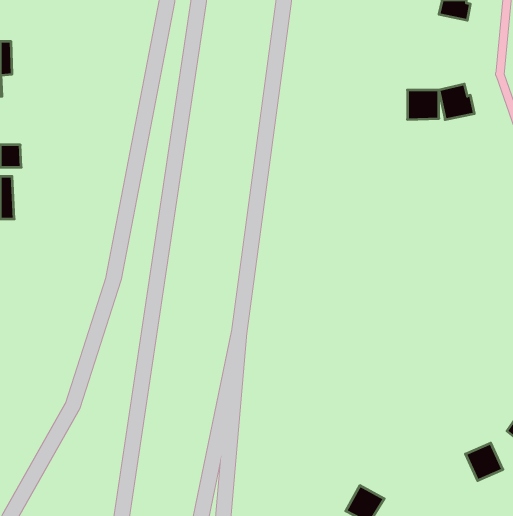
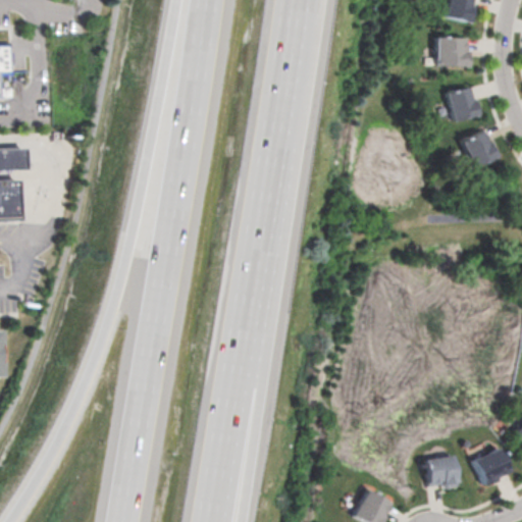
building: [407,90,439,119] -> [437,37,469,66]
building: none -> [462,130,497,167]
building: none -> [424,455,460,490]

